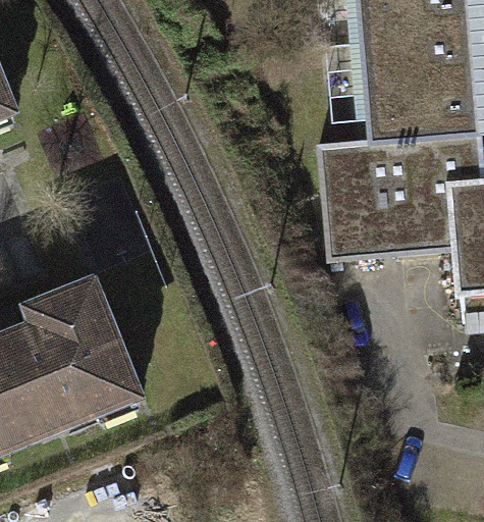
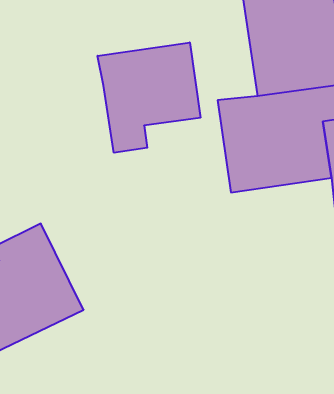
building: none -> [98,42,200,153]

